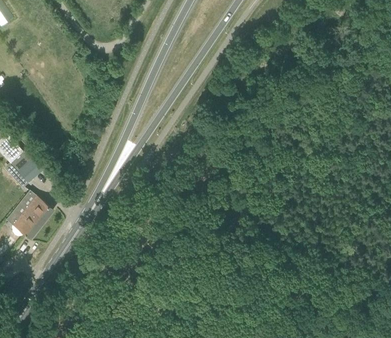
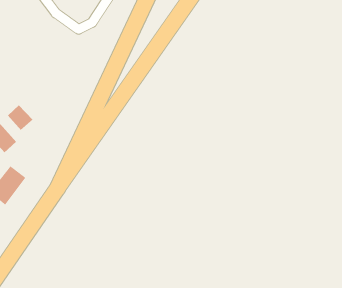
building: none -> [7,104,34,131]

